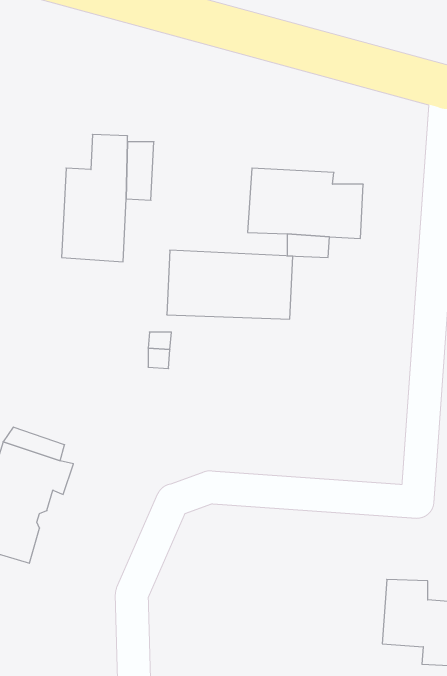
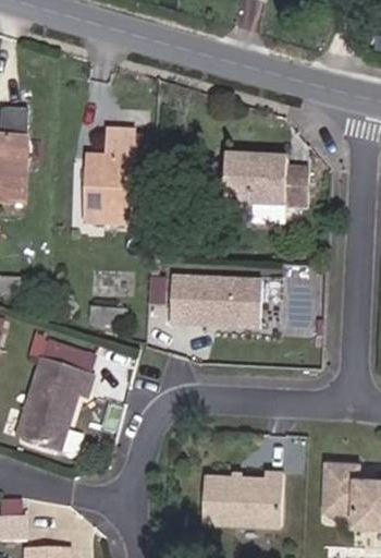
building: [167,250,293,319] -> [168,275,261,326]
building: none -> [201,469,283,524]

